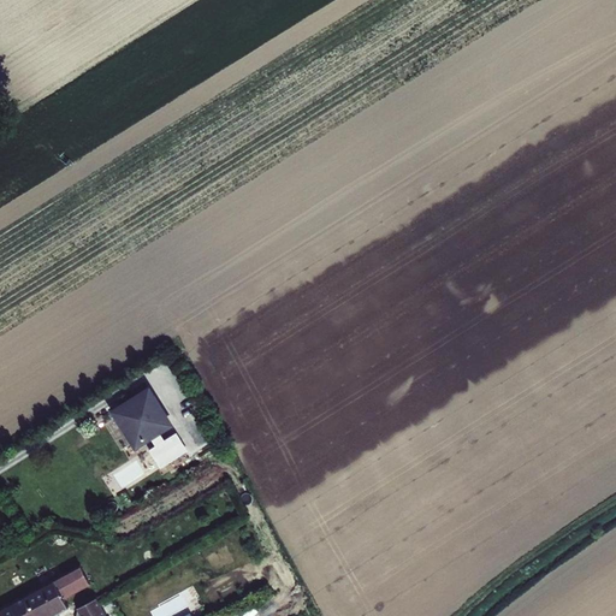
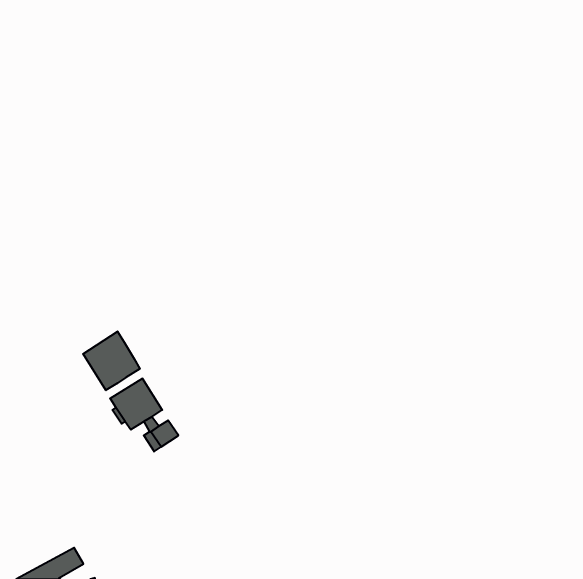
building: none -> [83,331,140,390]

